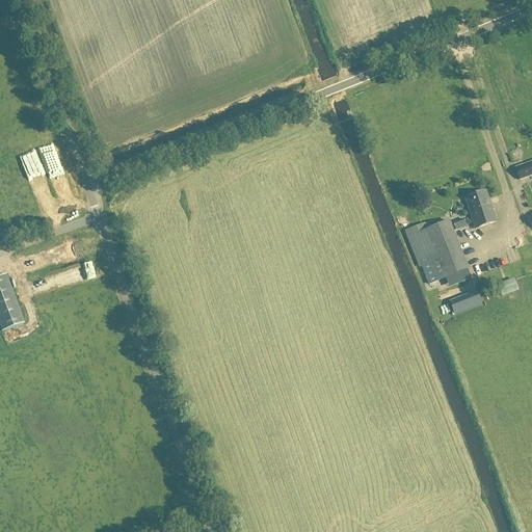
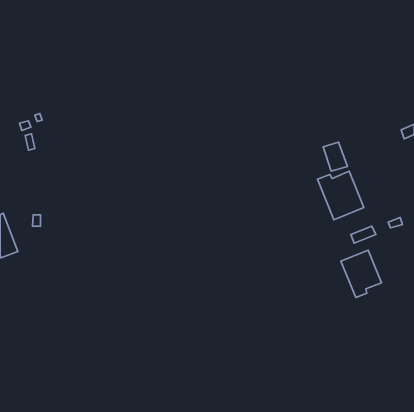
building: [464,189,496,227] -> [323,142,347,171]
building: none -> [341,250,381,298]

